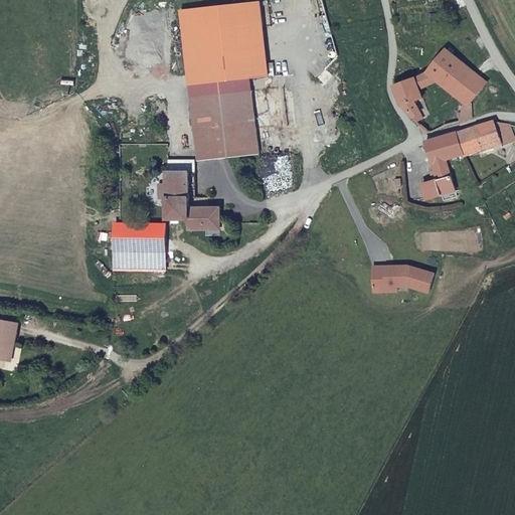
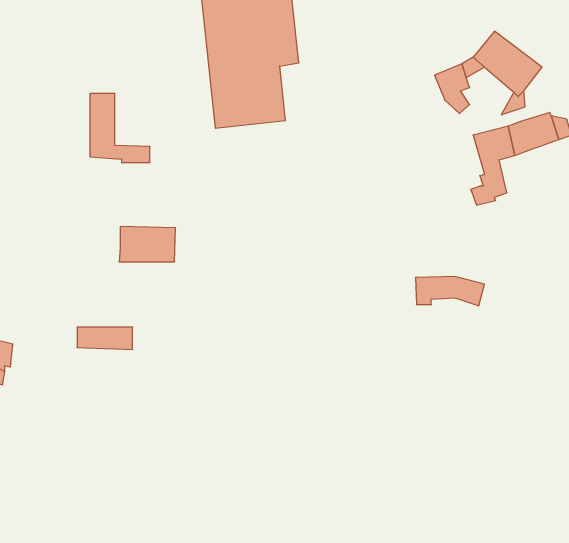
building: [194,127,260,158] -> none
building: [164,161,217,222] -> [90,93,150,162]
building: [109,252,158,273] -> [77,327,133,350]

